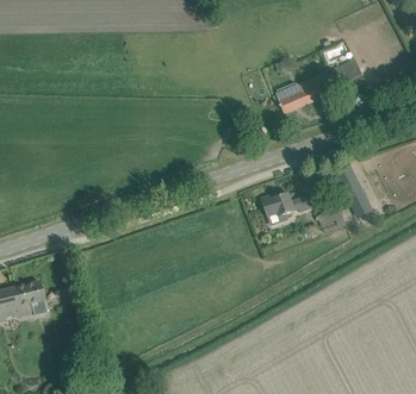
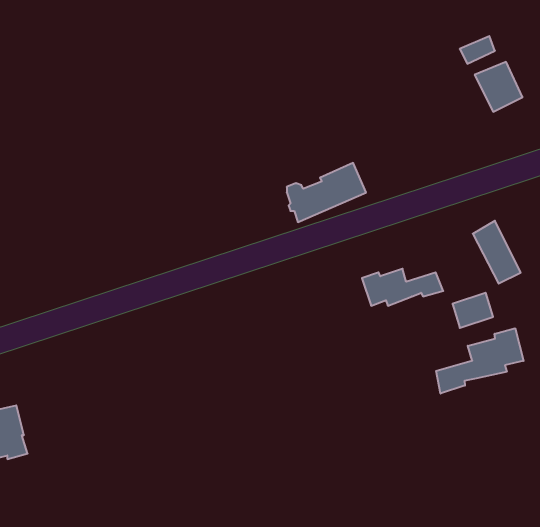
building: [277,75,328,113] -> [287,163,366,222]
building: none -> [436,328,524,394]

